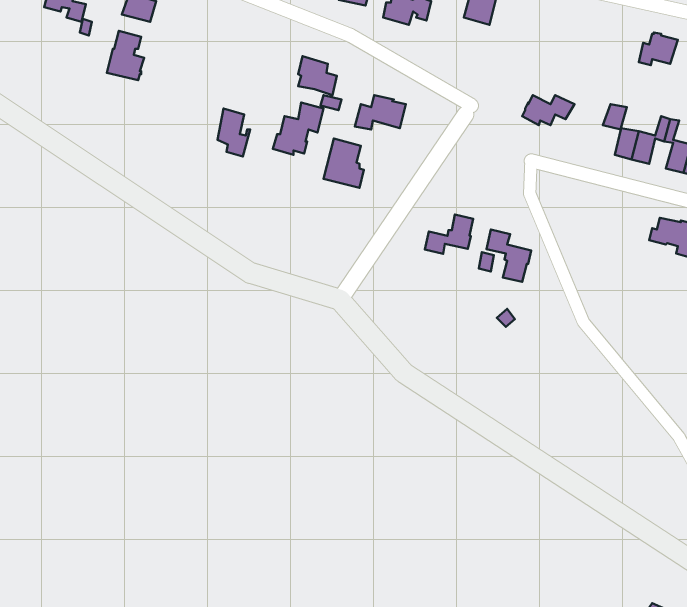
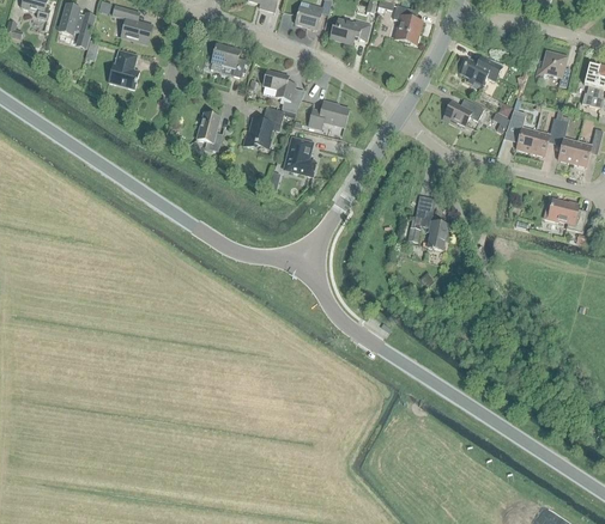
building: none -> [210,43,246,77]
building: none -> [460,55,503,86]
building: [425,215,473,254] -> none

